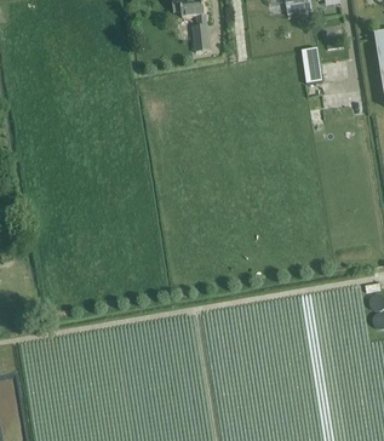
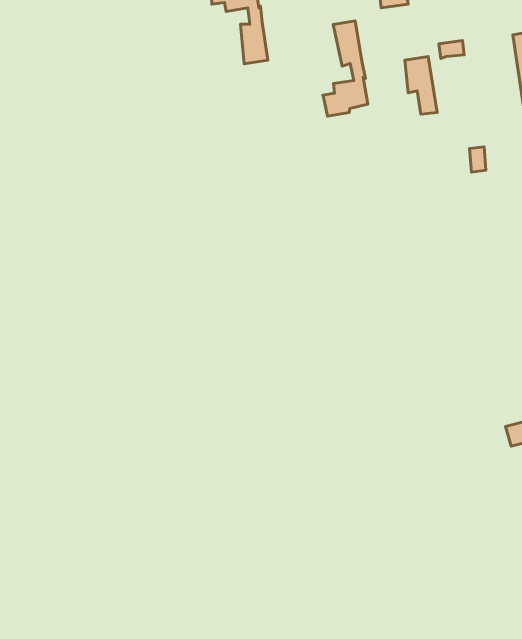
building: none -> [323,21,368,116]

